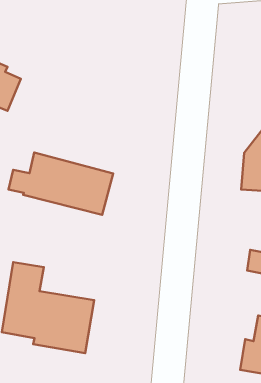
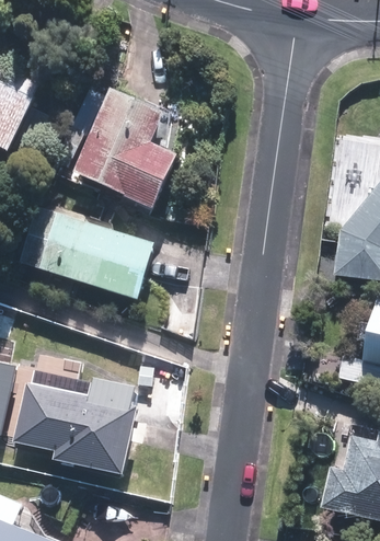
building: none -> [70,91,173,208]

